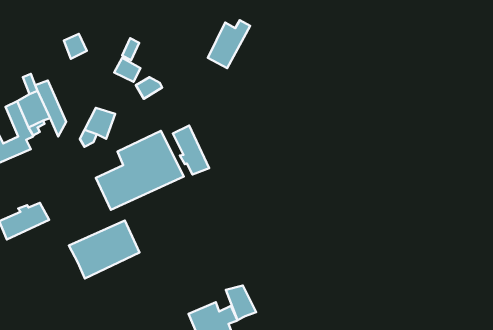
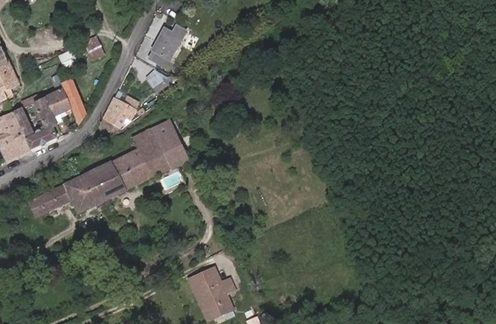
building: [208,20,250,68] -> [147,26,184,68]
building: [173,125,209,174] -> none
building: [69,220,140,279] -> [62,161,124,212]
building: [226,286,256,320] -> none

